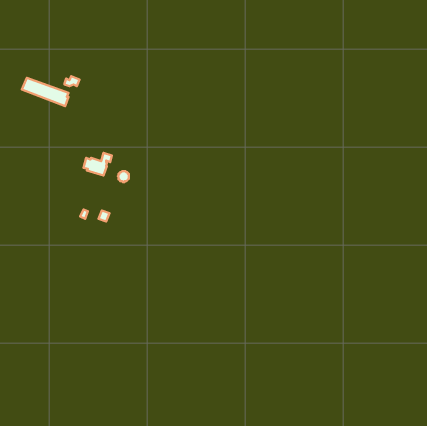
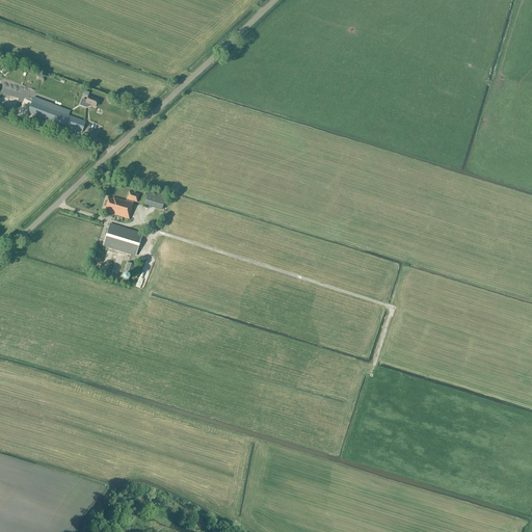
building: none -> [103,223,142,256]

